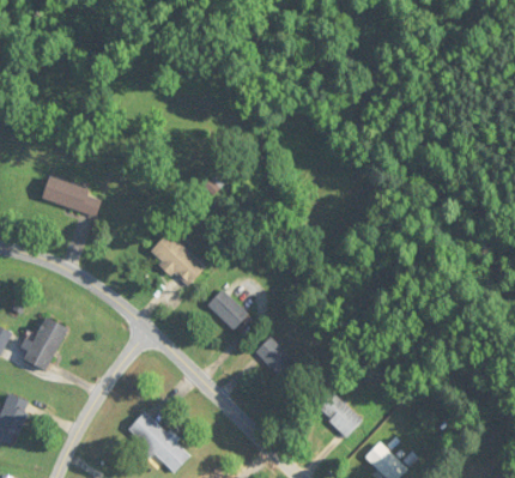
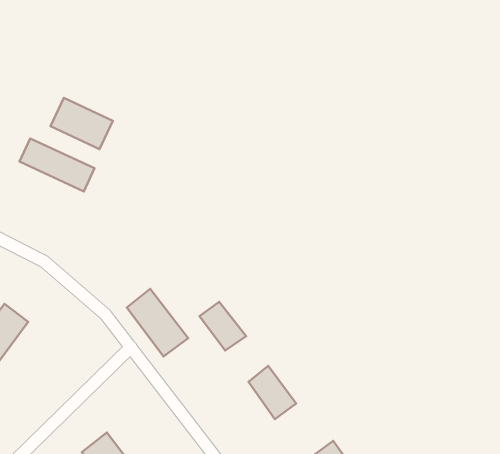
building: none -> [50,98,113,149]
building: [151,232,205,286] -> [127,289,188,357]

